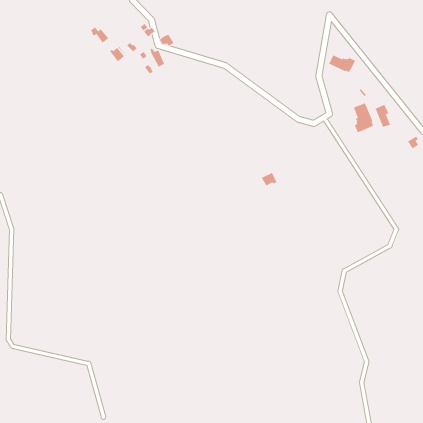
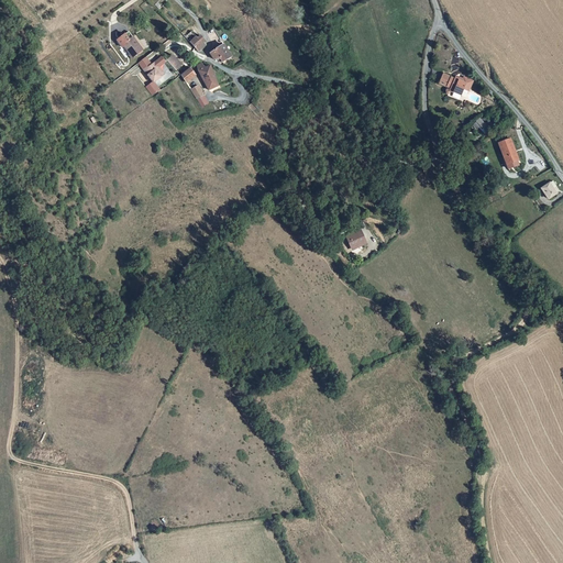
building: [353,102,374,133] -> none

